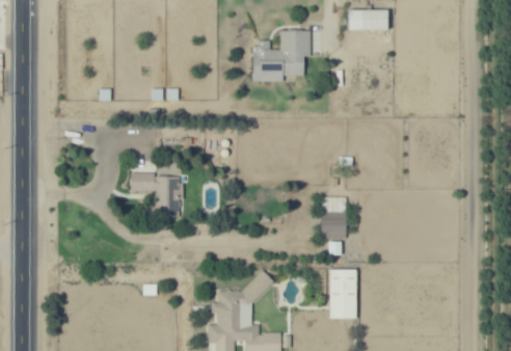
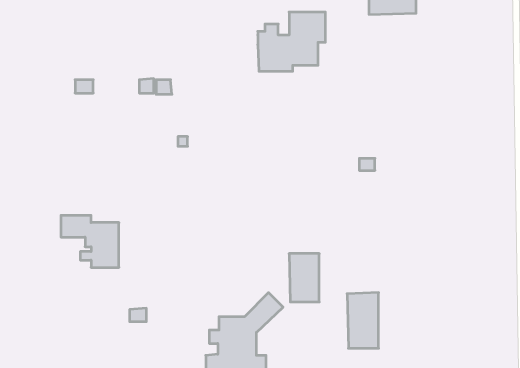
building: [129,171,179,216] -> [61,215,119,267]
building: [321,196,347,238] -> [289,254,319,302]

